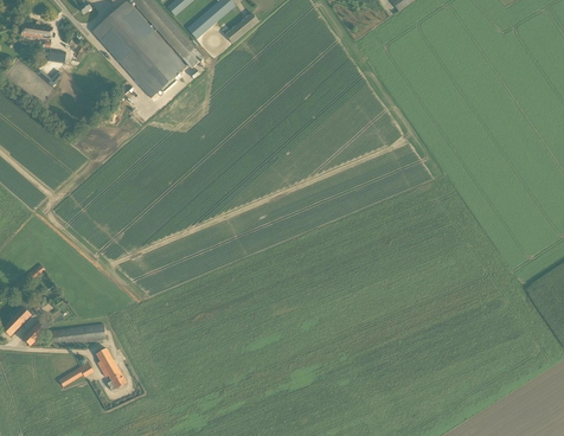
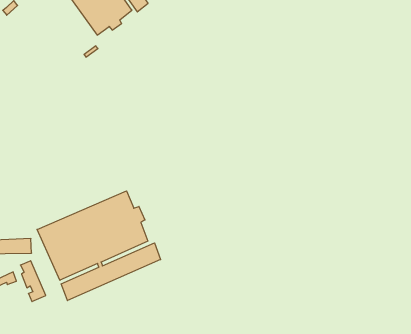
building: none -> [37,191,161,301]

